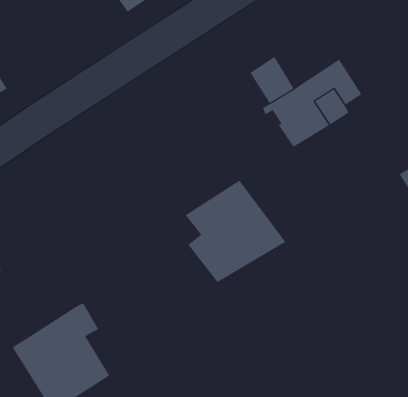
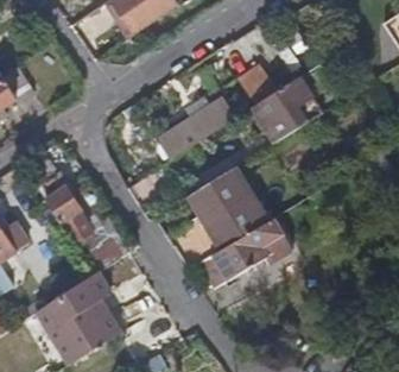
building: none -> [158,102,234,158]
building: none -> [37,172,121,271]
building: none -> [198,217,292,289]

